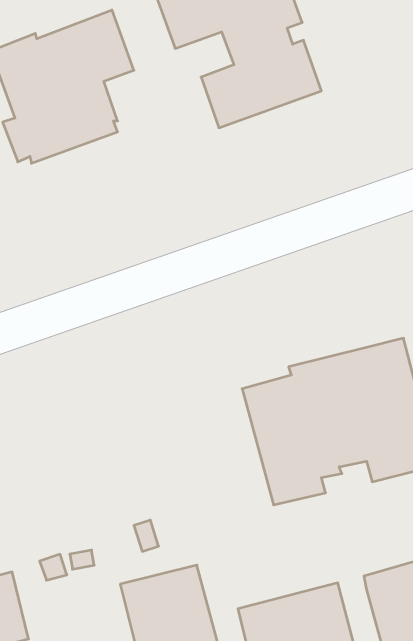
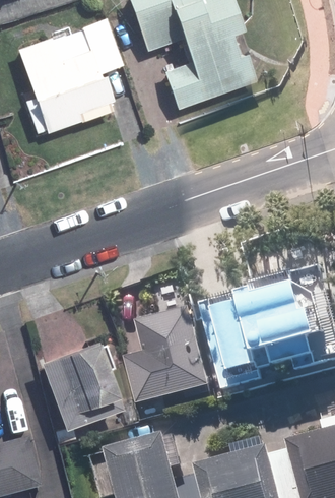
building: none -> [123,303,206,400]
building: none -> [37,336,117,424]

